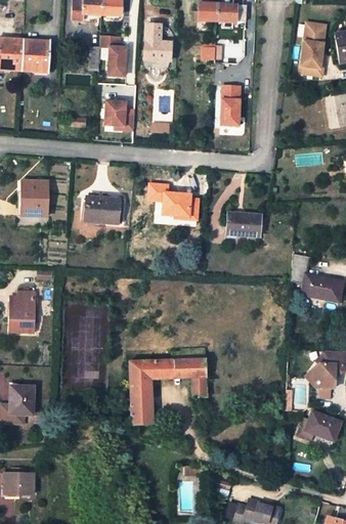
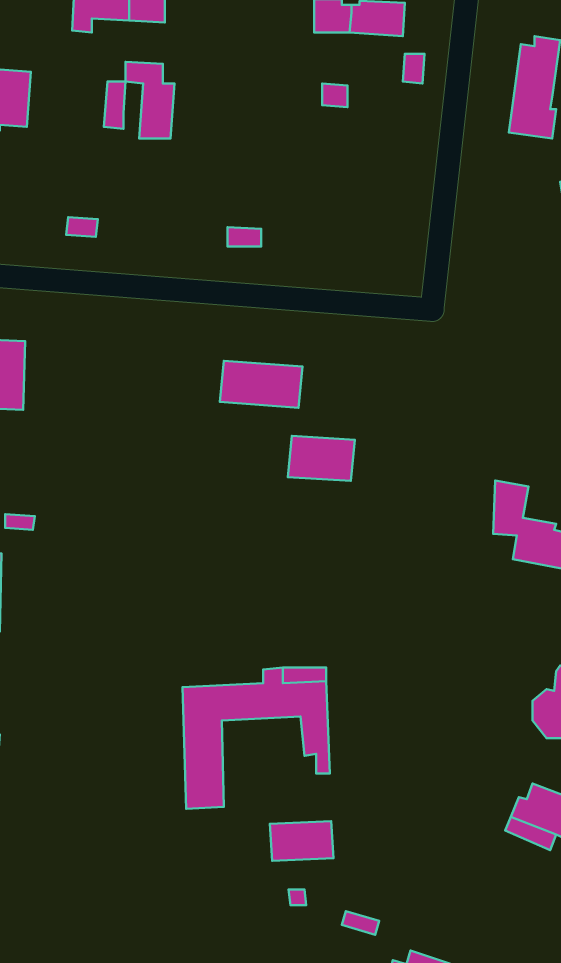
building: [144,24,175,60] -> none
building: [221,84,243,125] -> none
building: [104,100,135,130] -> none
building: [84,195,120,224] -> none
building: [226,213,261,236] -> [288,436,355,481]
building: none -> [270,821,333,861]

